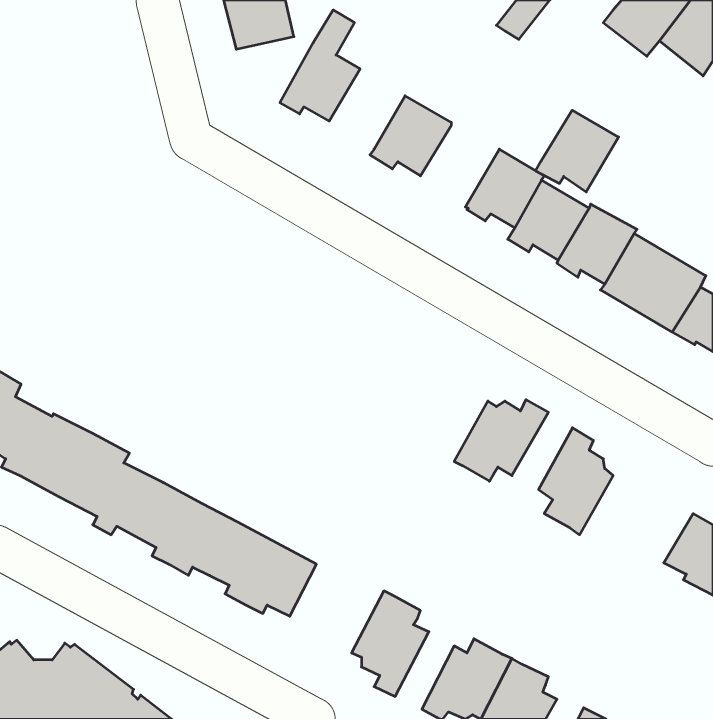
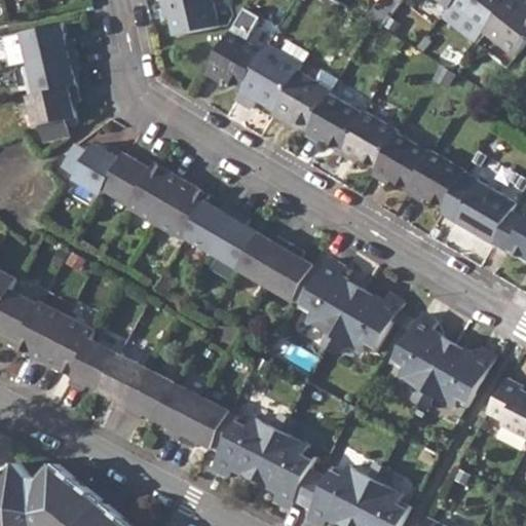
building: none -> [5,26,78,141]
building: none -> [234,41,306,109]
building: [536,110,619,192] -> [303,91,364,151]
building: none -> [61,143,310,300]
building: none -> [300,258,356,337]
building: none -> [423,346,493,404]
building: none -> [213,417,280,479]

